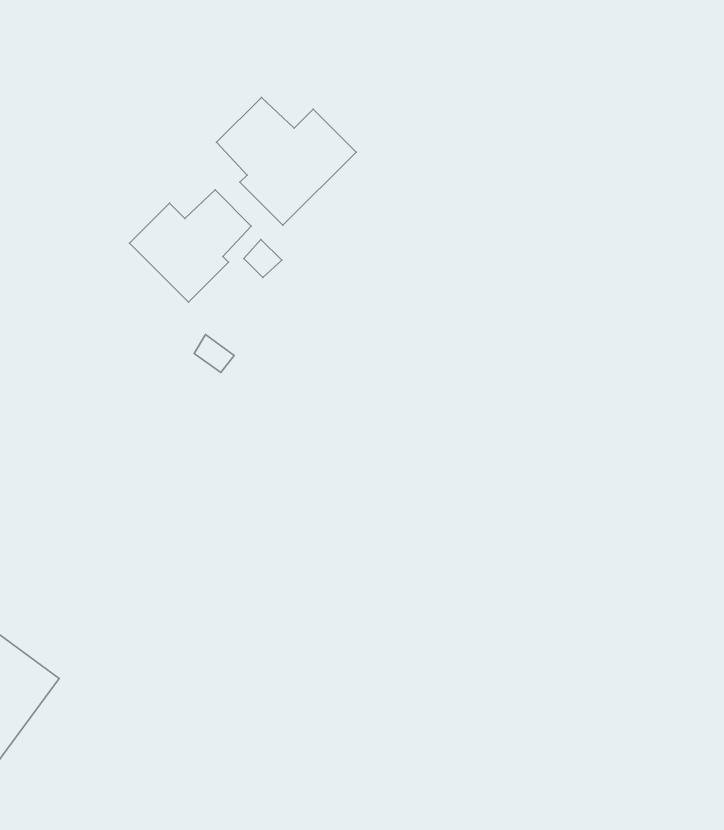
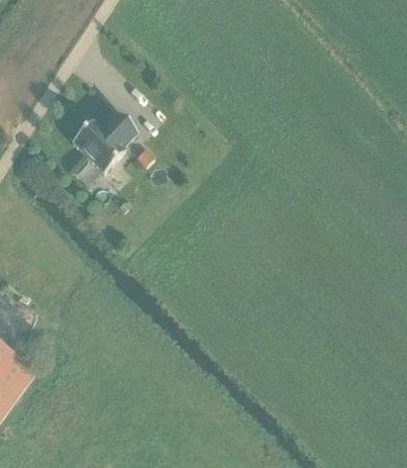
building: [217,98,356,225] -> none

